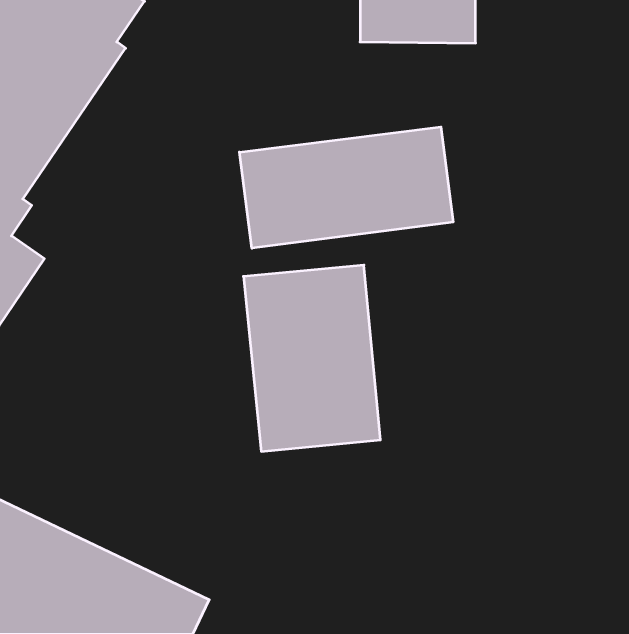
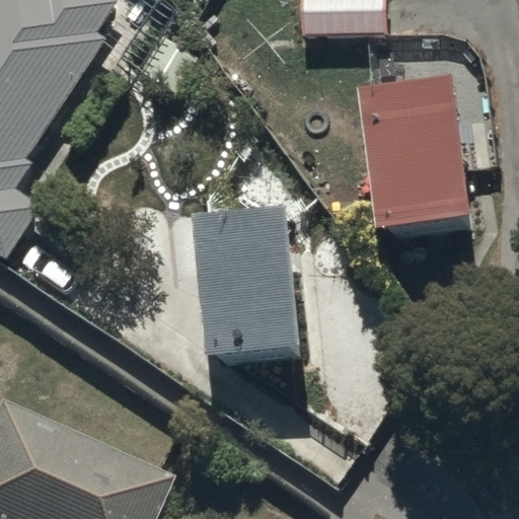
building: none -> [359,83,473,236]
building: [239,127,453,248] -> none

